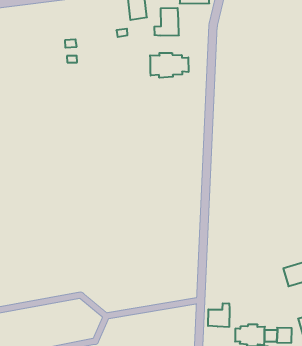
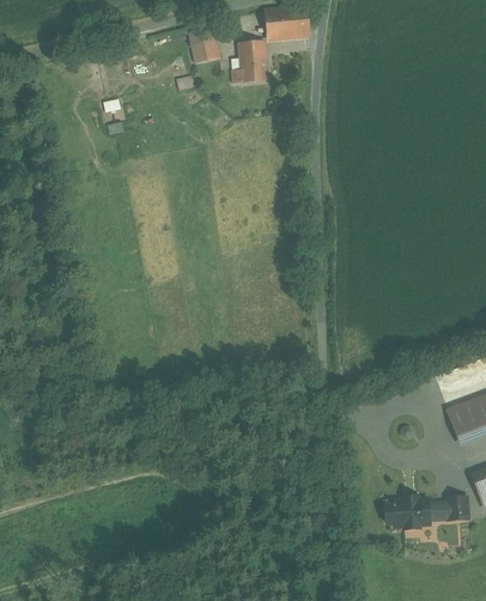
building: [150,53,188,78] -> none
building: [208,303,229,327] -> none

